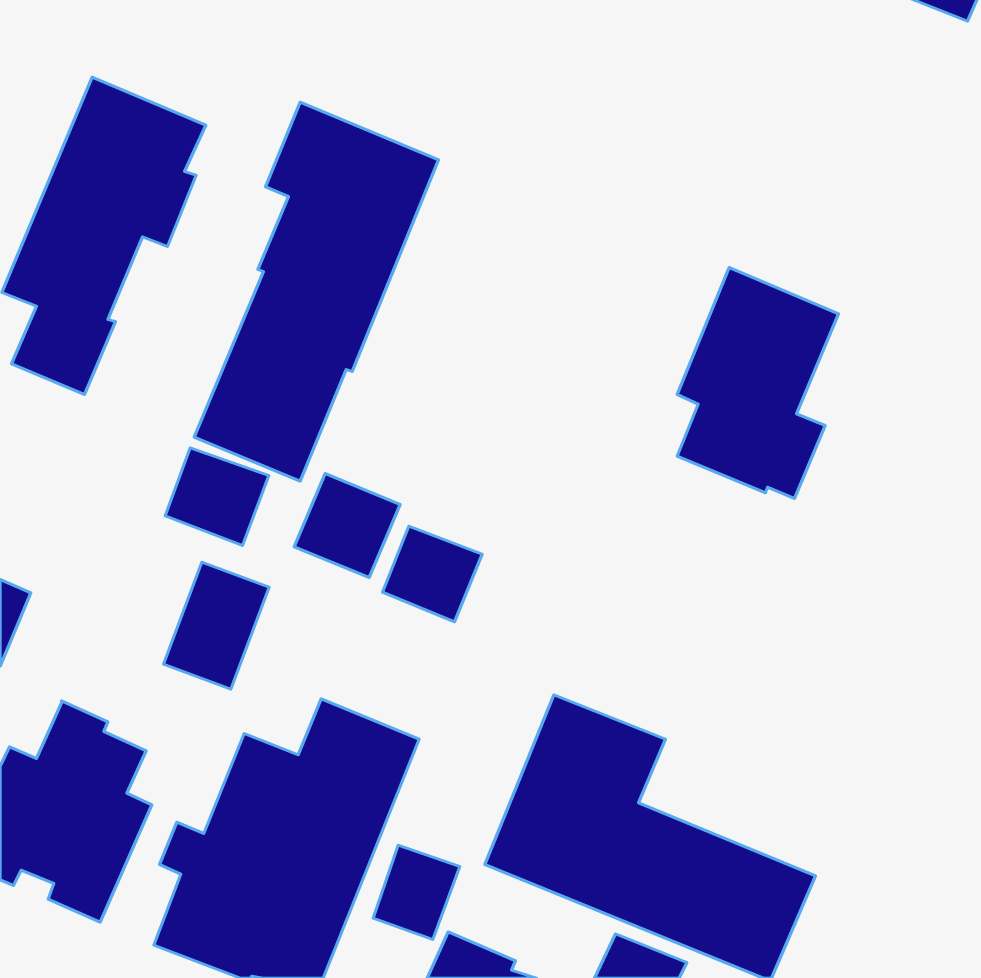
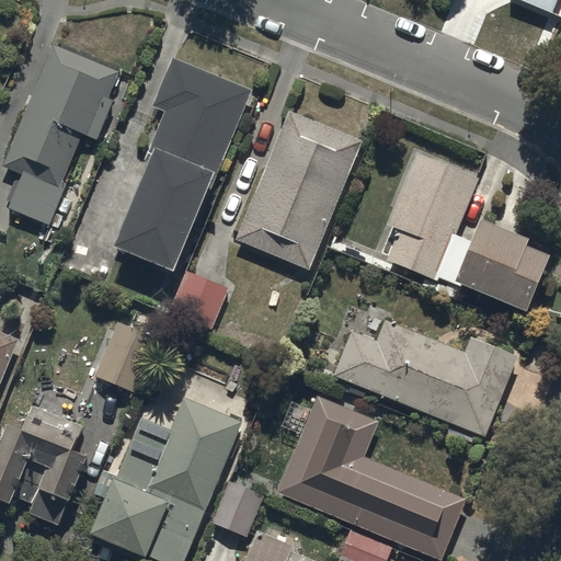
building: none -> [236,111,362,270]
building: none -> [454,221,548,313]
building: [165,448,269,545] -> none
building: [382,526,482,622] -> none
building: none -> [333,320,518,437]

